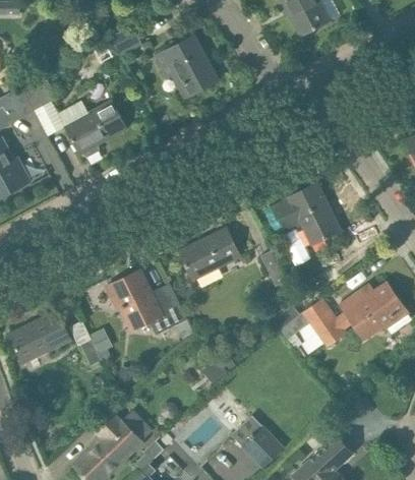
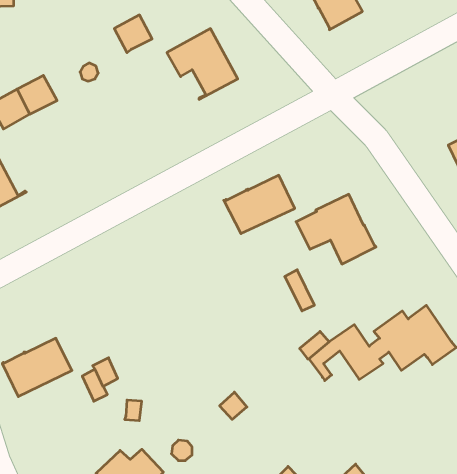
building: [57,101,126,158] -> none
building: [177,228,240,280] -> [224,175,295,234]
building: [105,269,187,334] -> none

